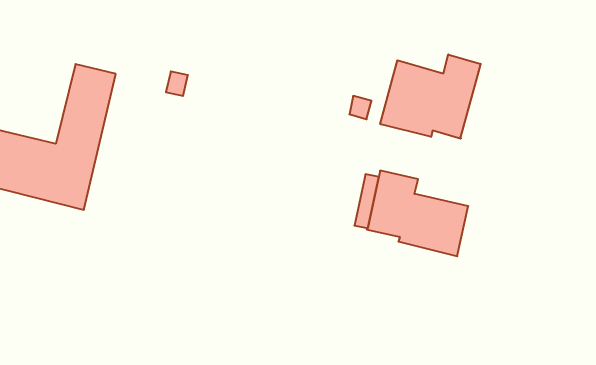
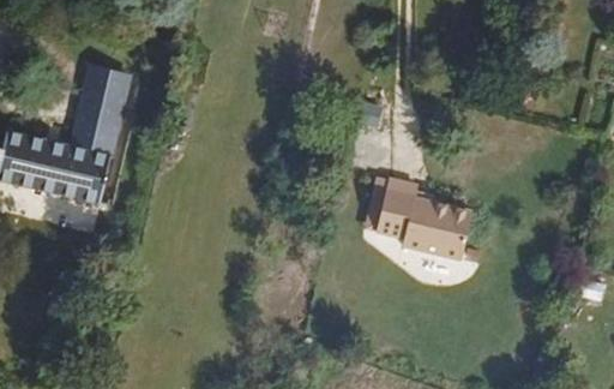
building: [380,54,481,139] -> none

